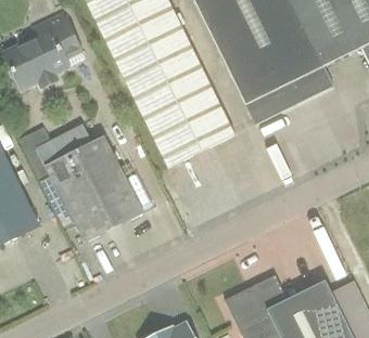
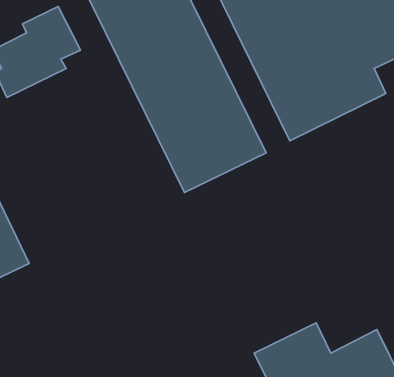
building: [35,121,141,240] -> none

